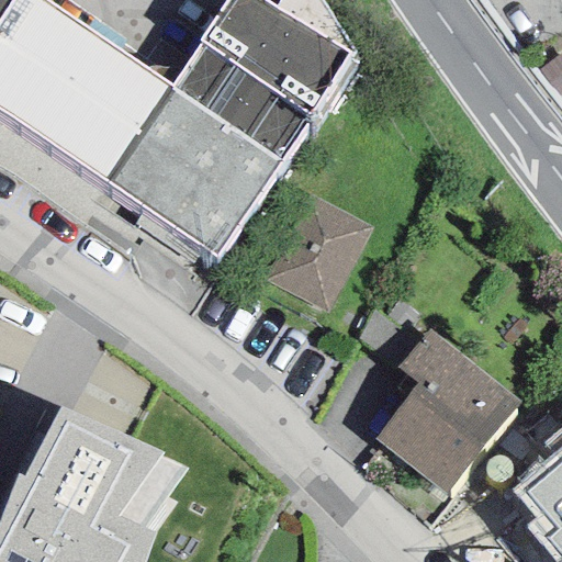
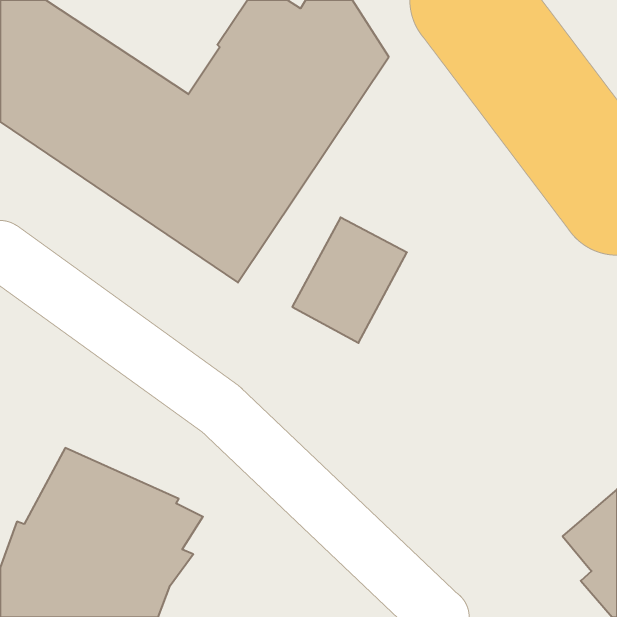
building: [374,328,520,495] -> none

